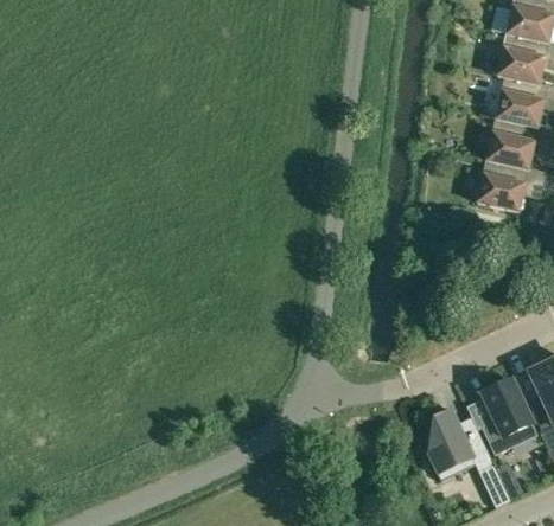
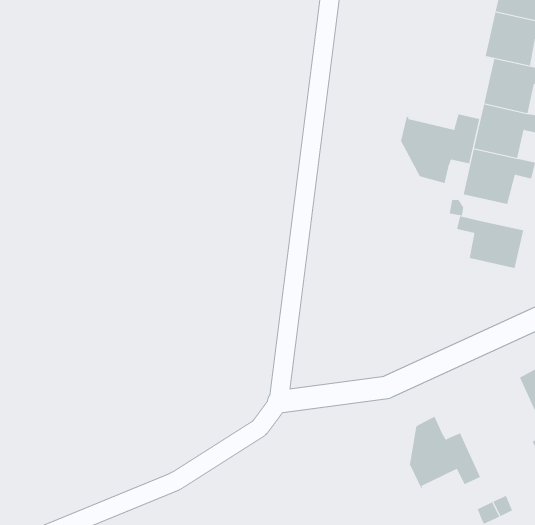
building: none -> [400,113,480,184]
building: none -> [457,216,524,269]
building: [482,378,537,454] -> none

